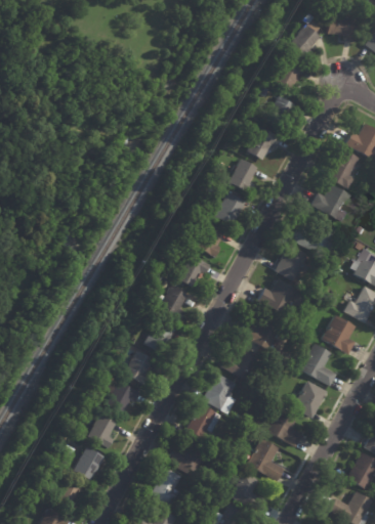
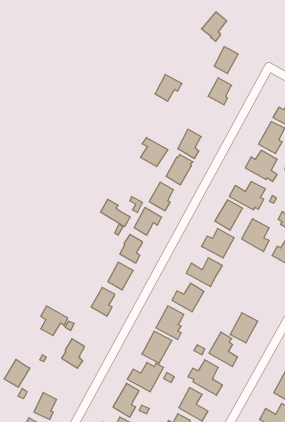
building: [328,16,356,40] -> none
building: [289,25,320,60] -> [201,12,227,41]
building: [248,127,281,160] -> [155,74,182,101]
building: none -> [141,137,168,167]
building: none -> [101,199,130,227]
building: [322,315,356,355] -> [242,219,269,252]
building: [300,345,336,386] -> none
building: [106,379,138,414] -> [41,306,68,335]
building: [73,447,105,481] -> [4,359,30,387]

